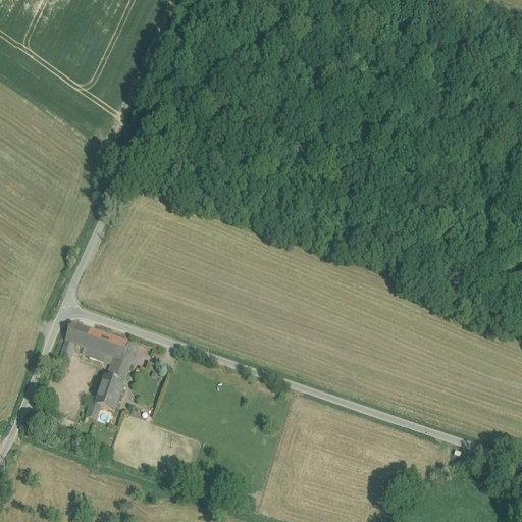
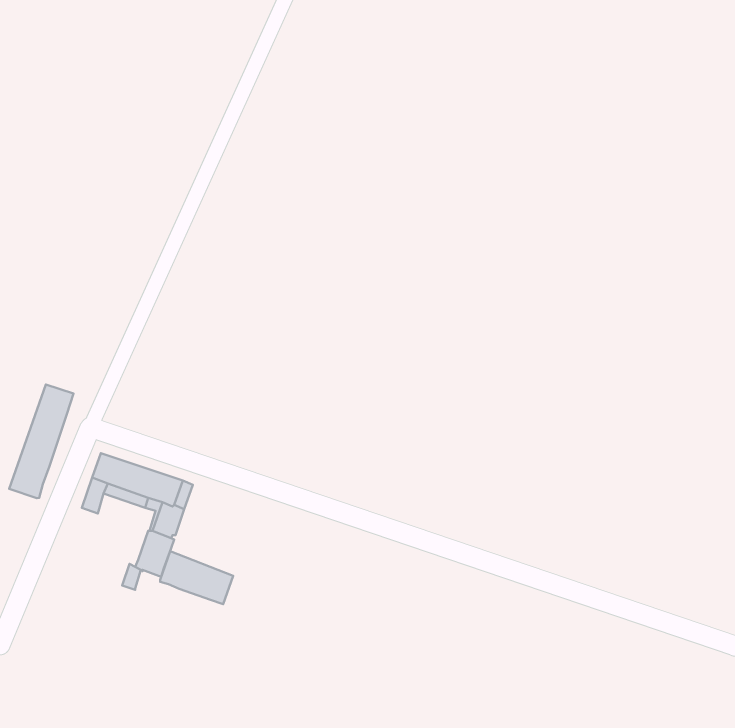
building: none -> [9,384,73,498]
building: none -> [160,551,233,604]

